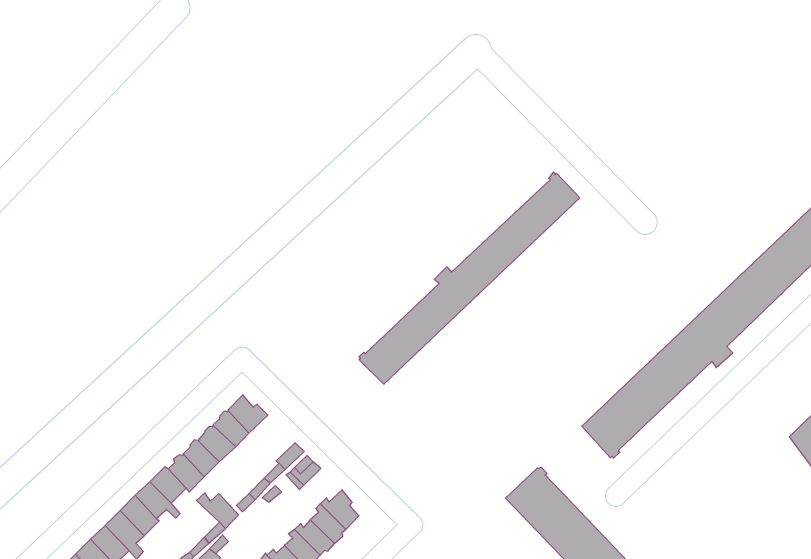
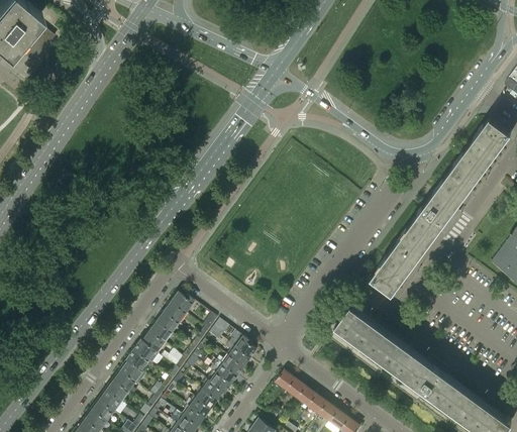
building: [359,172,580,384] -> none

